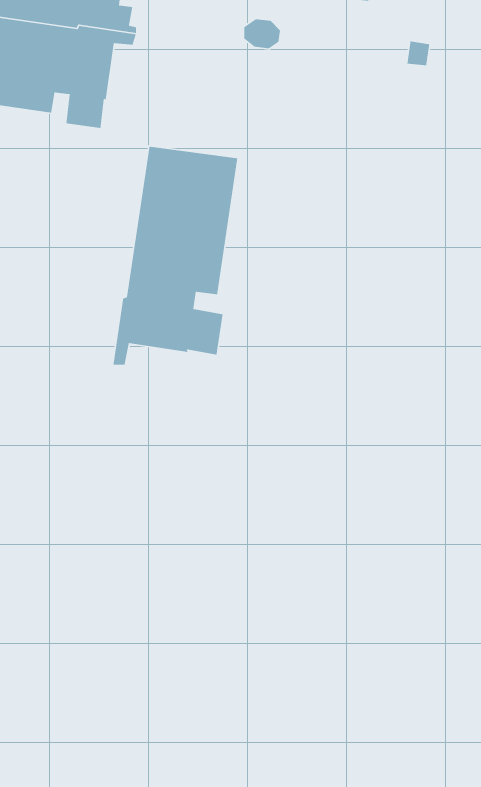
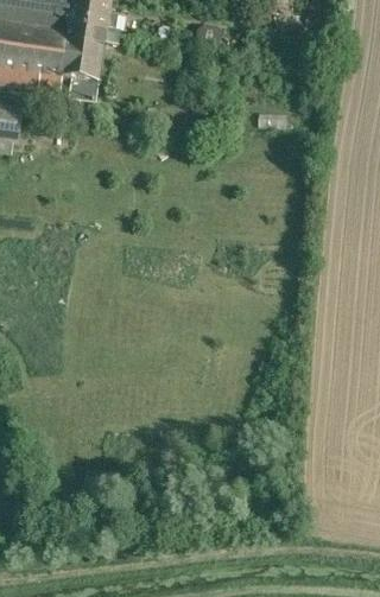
building: [112,146,238,366] -> none

